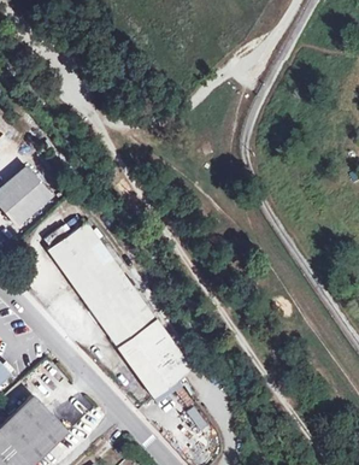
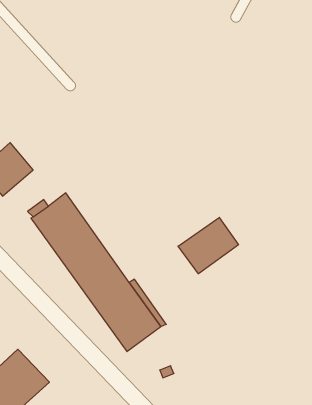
building: none -> [178,217,238,274]

